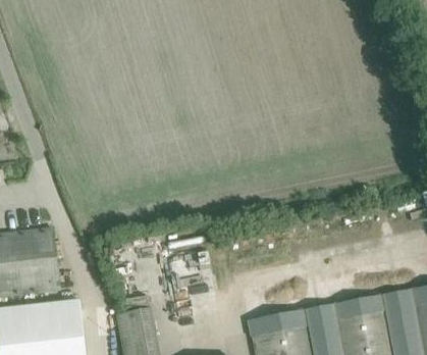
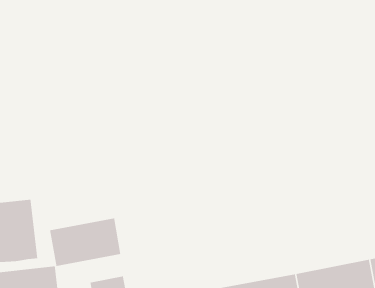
building: none -> [49,218,121,267]

